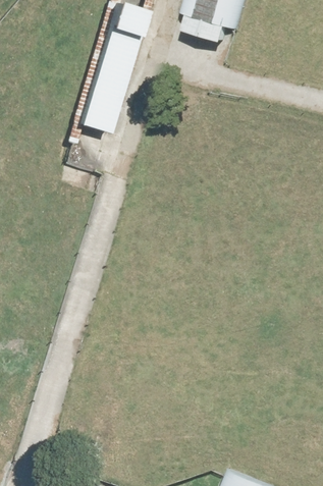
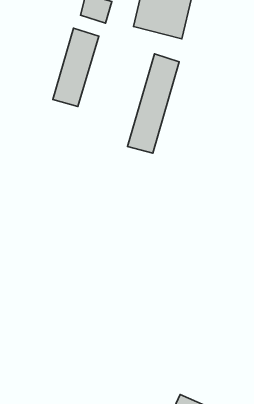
building: none -> [128,54,179,153]

